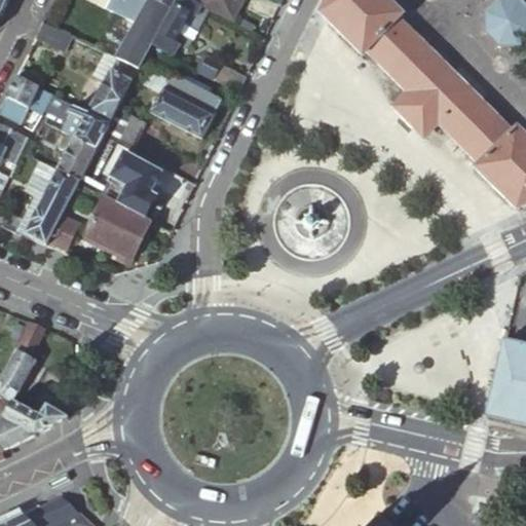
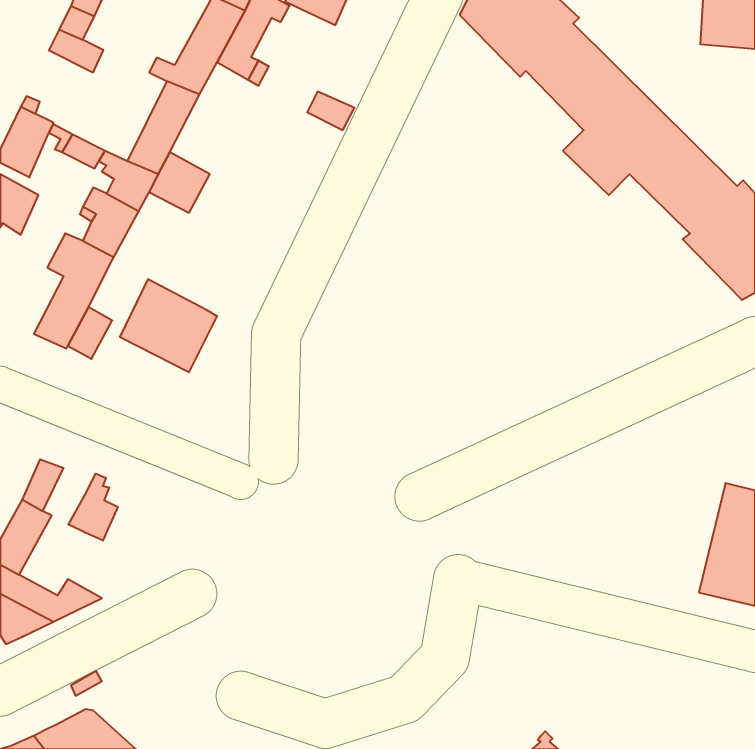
building: [142,62,221,138] -> none
building: [100,150,161,216] -> none
building: none -> [68,474,118,541]

